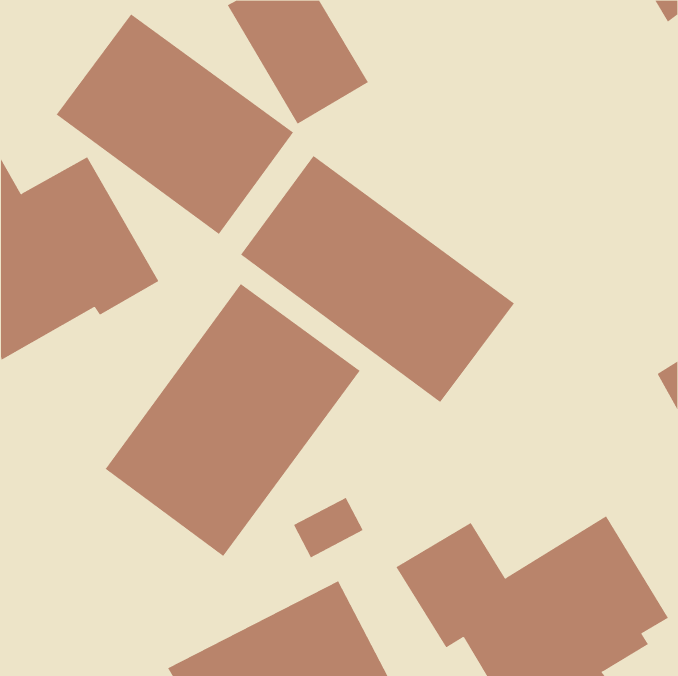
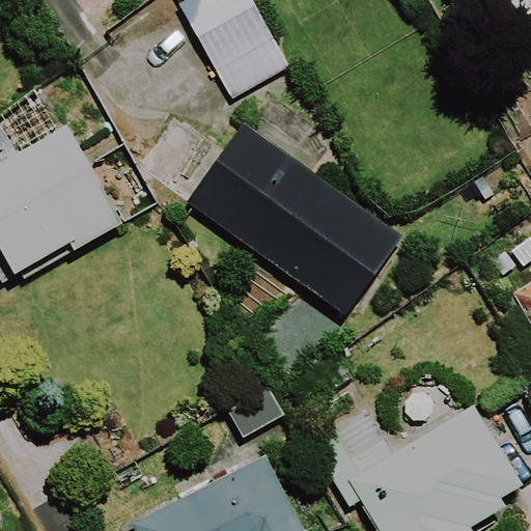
building: [56,13,294,235] -> none
building: [105,283,361,557] -> none

